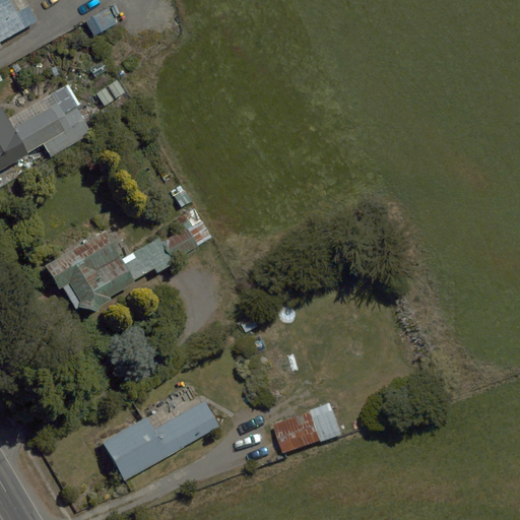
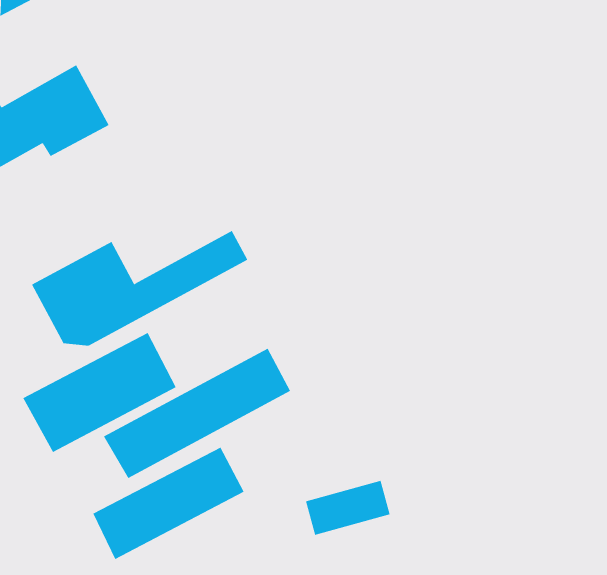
building: none -> [22,332,176,453]
building: none -> [103,348,291,479]

